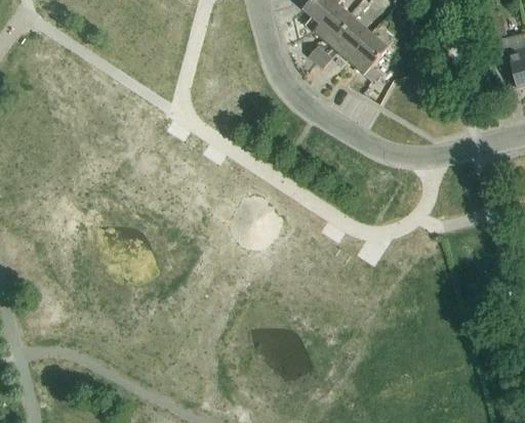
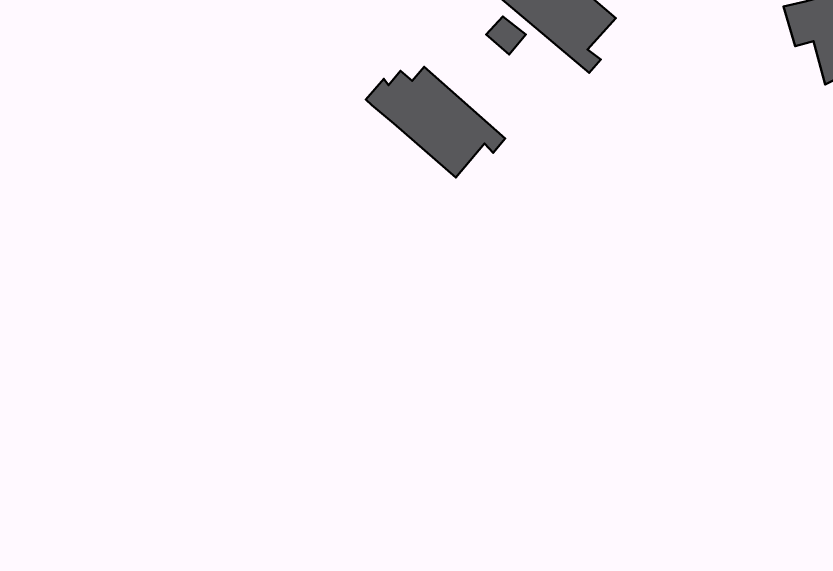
building: none -> [366,67,505,178]

